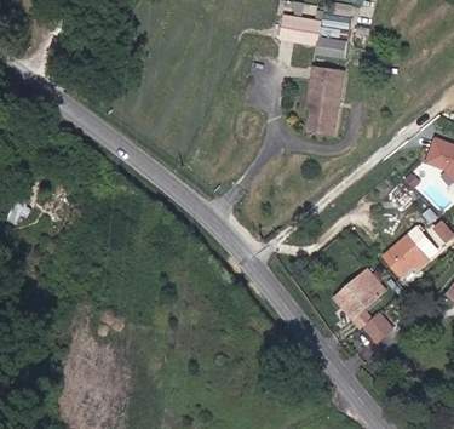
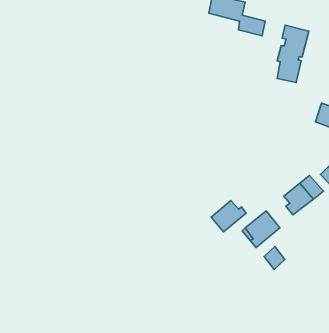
building: [317,62,356,132] -> [277,25,309,83]
building: none -> [211,201,246,232]

